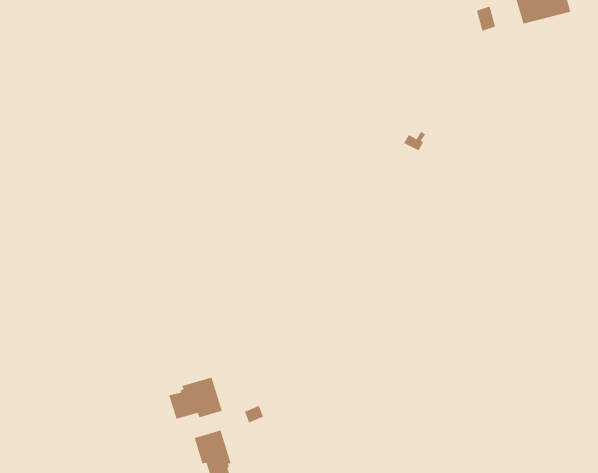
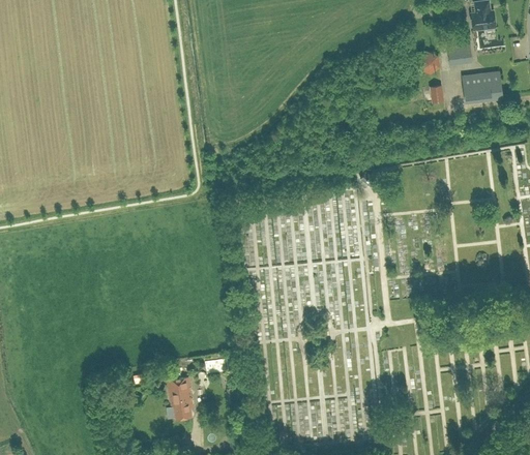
building: [168,377,223,419] -> none

